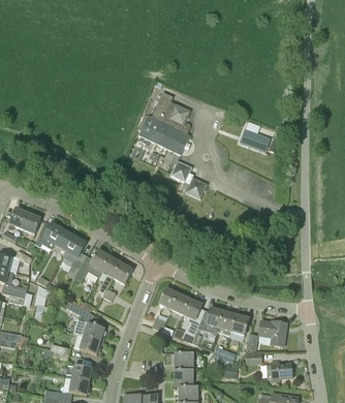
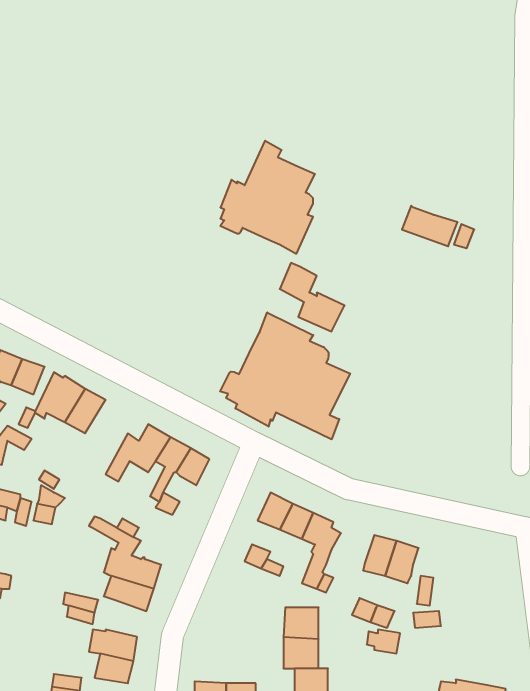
building: none -> [220,312,350,439]
building: [63,237,87,278] -> none
building: [197,308,224,335] -> none
building: [259,321,285,345] -> none
building: [266,362,291,381] -> none

